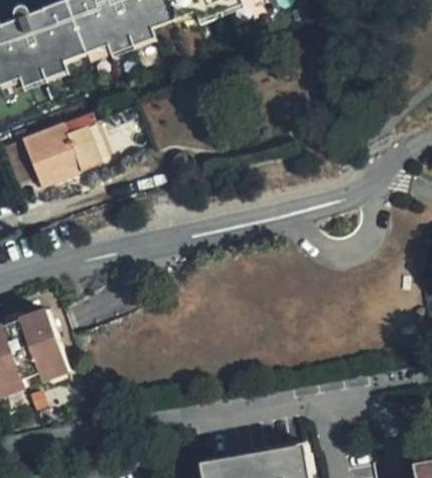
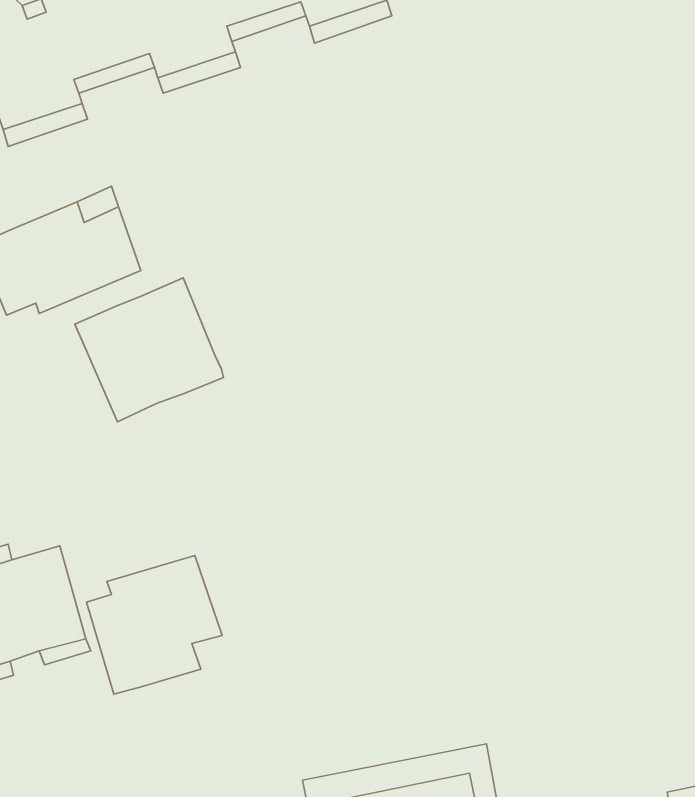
building: none -> [75,278,224,422]
building: none -> [86,556,222,694]

